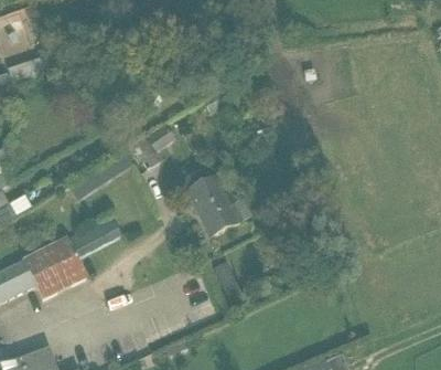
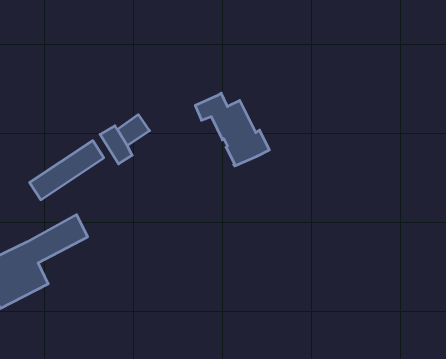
building: [174,169,240,234] -> [195,93,269,166]

